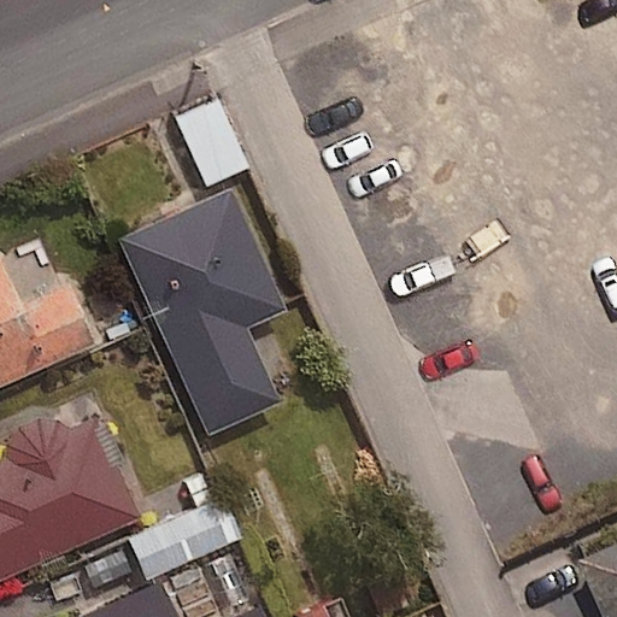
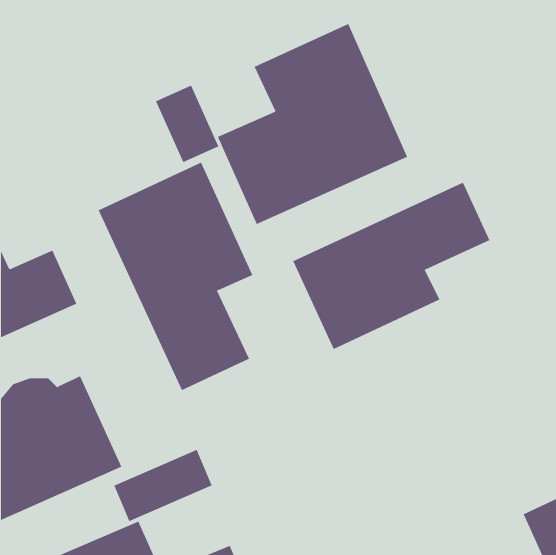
building: none -> [217,23,408,225]
building: none -> [293,182,490,350]

